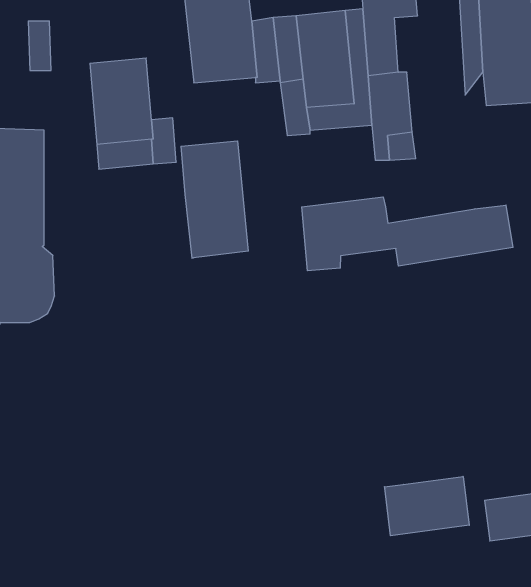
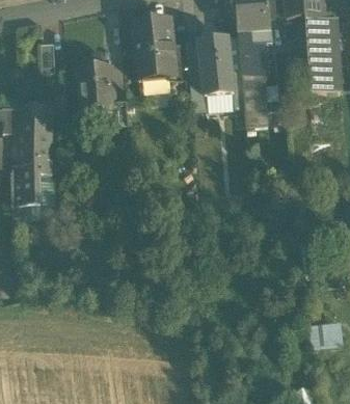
building: [181,141,248,258] -> none
building: [302,197,513,271] -> none
building: [384,476,469,536] -> none

